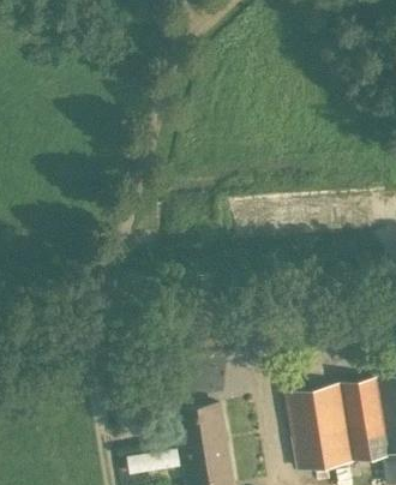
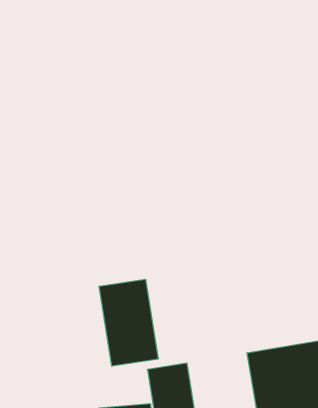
building: none -> [99,279,158,366]

